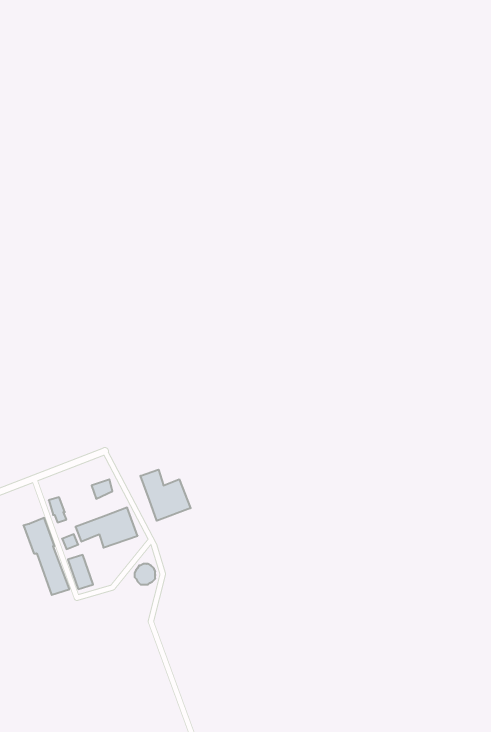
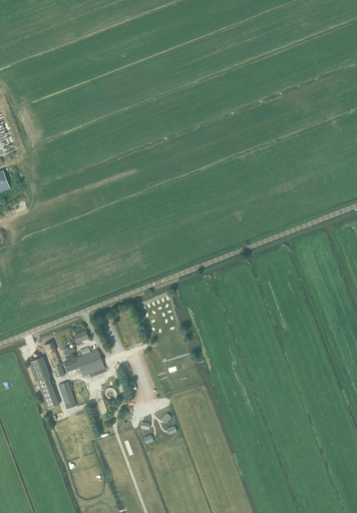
building: [140,470,191,521] -> none

